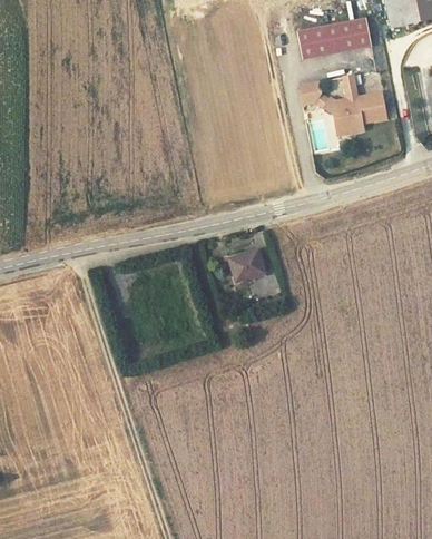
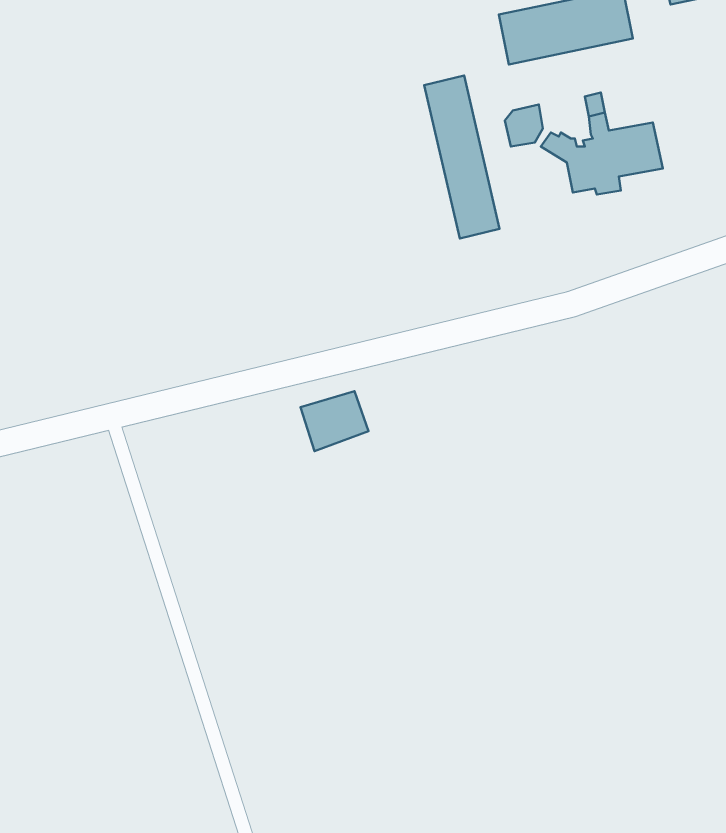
building: none -> [424,75,500,239]
building: [228,246,266,280] -> [301,391,369,451]

